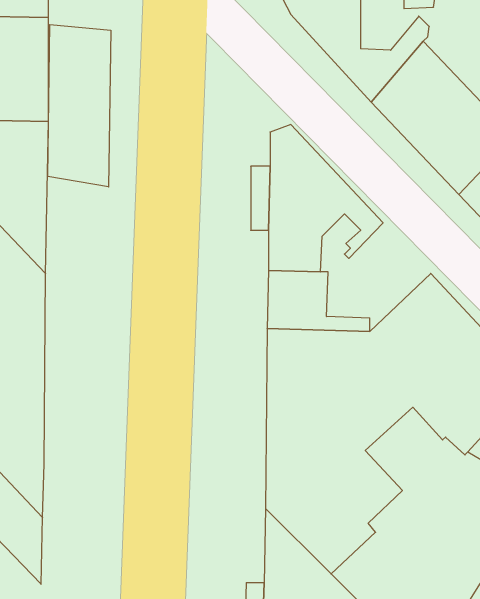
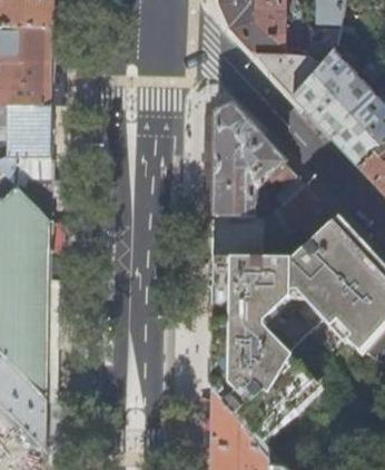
building: [48,25,111,187] -> none

